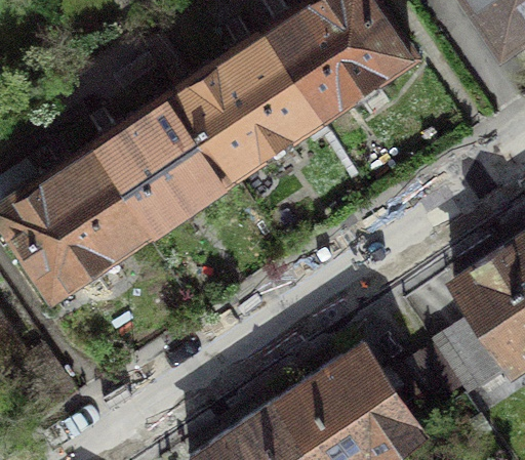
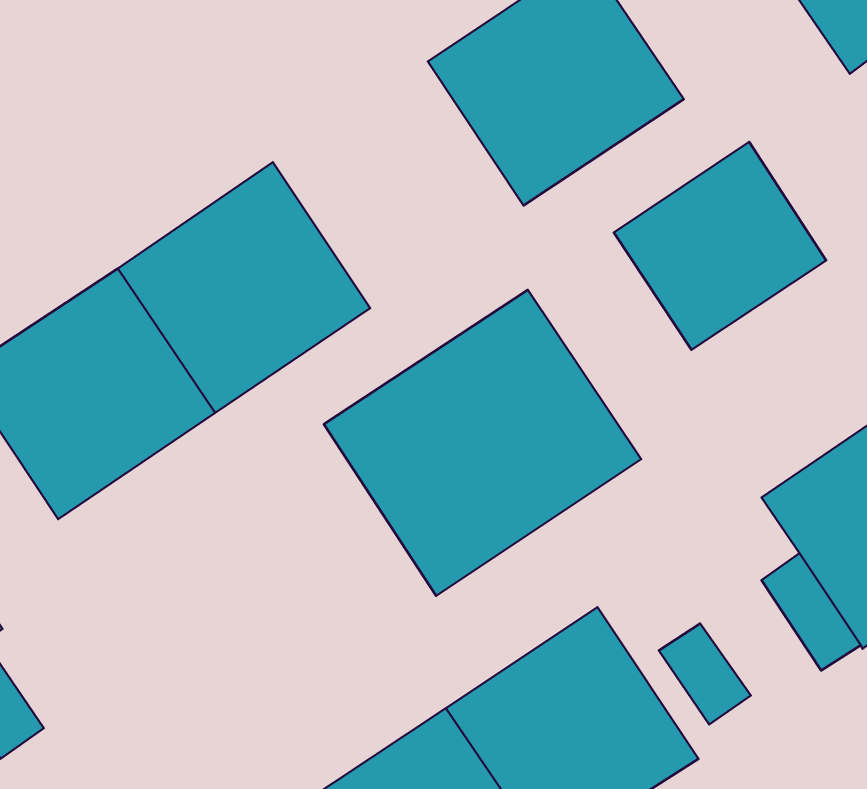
building: [178,37,321,177] -> none
building: none -> [614,142,826,350]
building: none -> [324,290,641,596]

